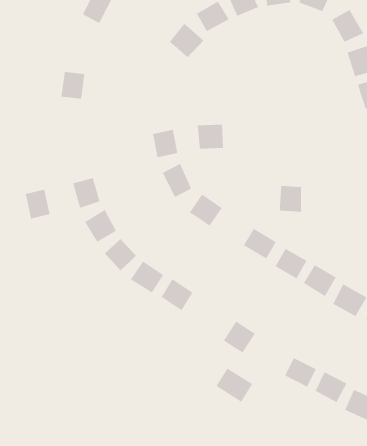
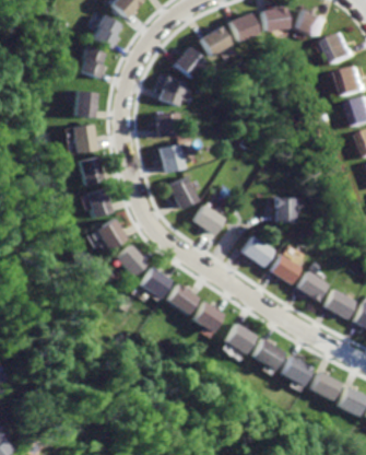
building: none -> [76,46,105,78]
building: none -> [157,75,185,106]
building: none -> [70,125,95,152]
building: [197,124,224,150] -> [153,113,178,137]
building: [25,189,51,219] -> [76,158,101,186]
building: none -> [190,301,221,331]
building: [215,367,253,403] -> [248,338,283,371]

